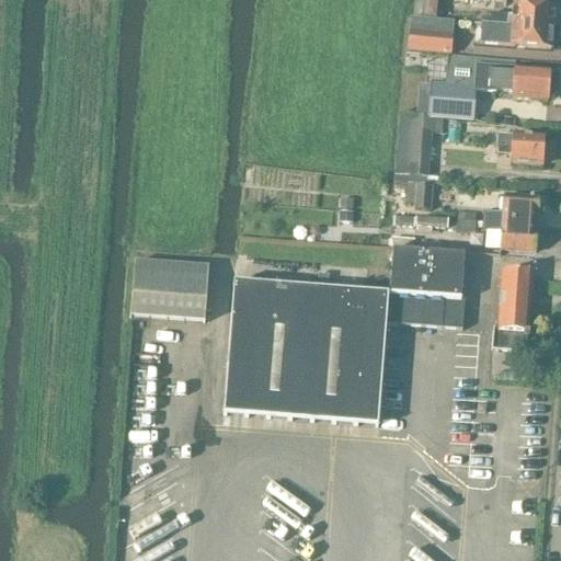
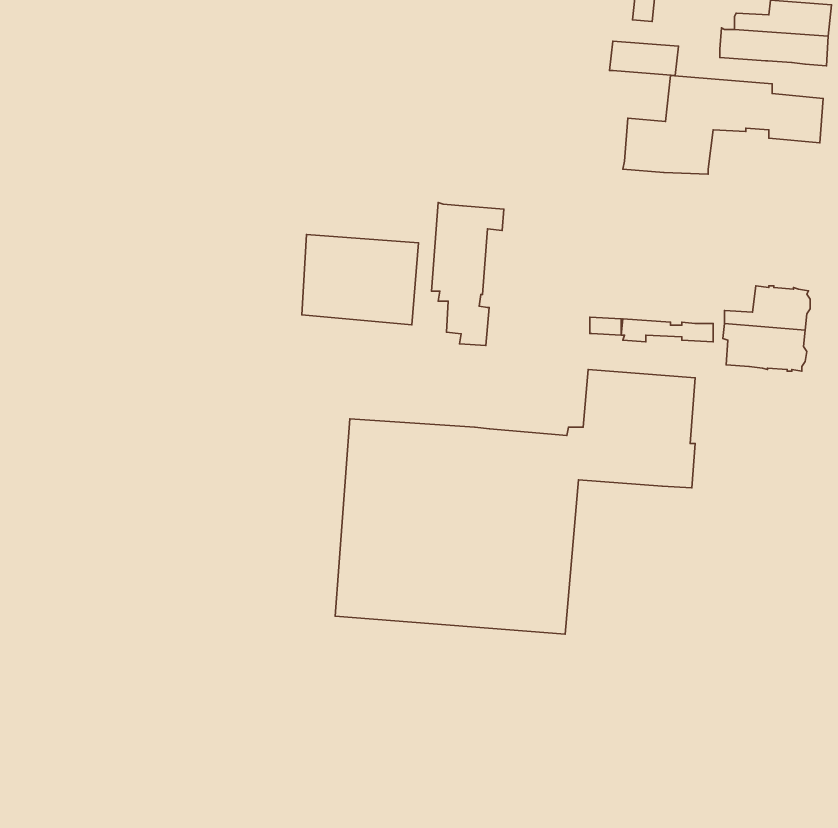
building: [396,111,444,206] -> [432,203,504,345]
building: [497,129,546,159] -> none
building: [131,259,209,319] -> [302,234,418,325]
building: [492,266,534,346] -> none

